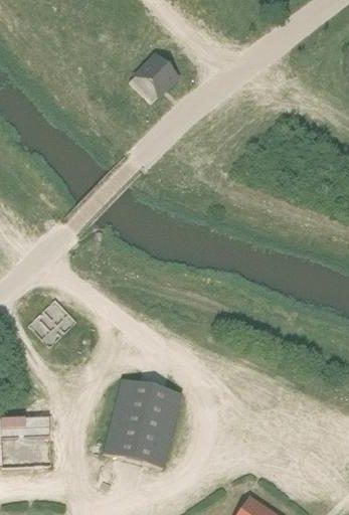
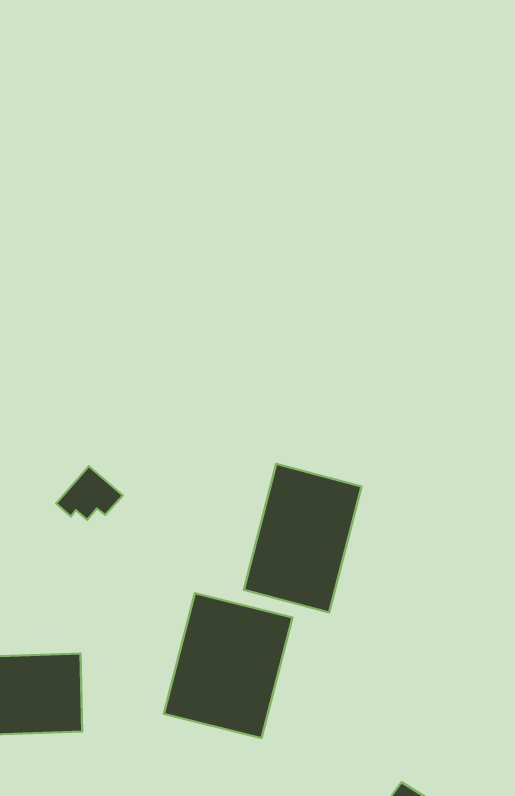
building: [130,51,178,101] -> none
building: none -> [244,464,361,613]

